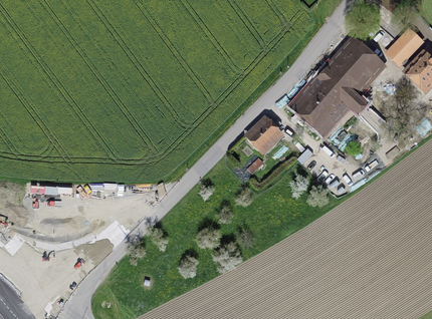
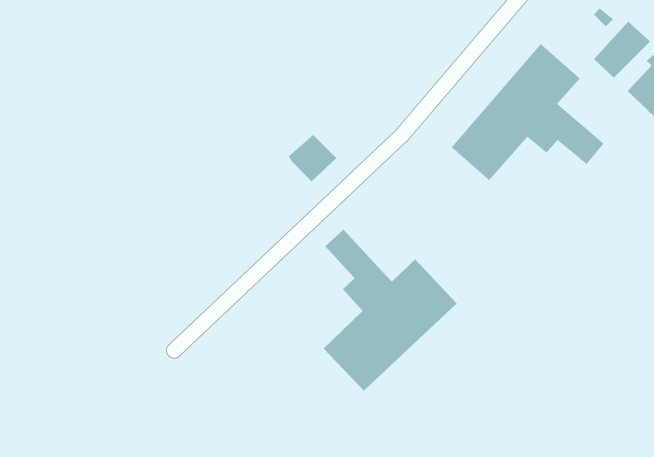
building: [245,119,276,149] -> [288,134,337,182]
building: none -> [323,229,458,392]

